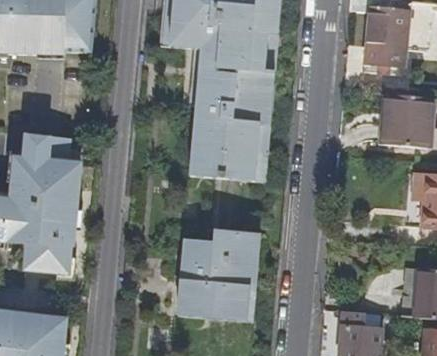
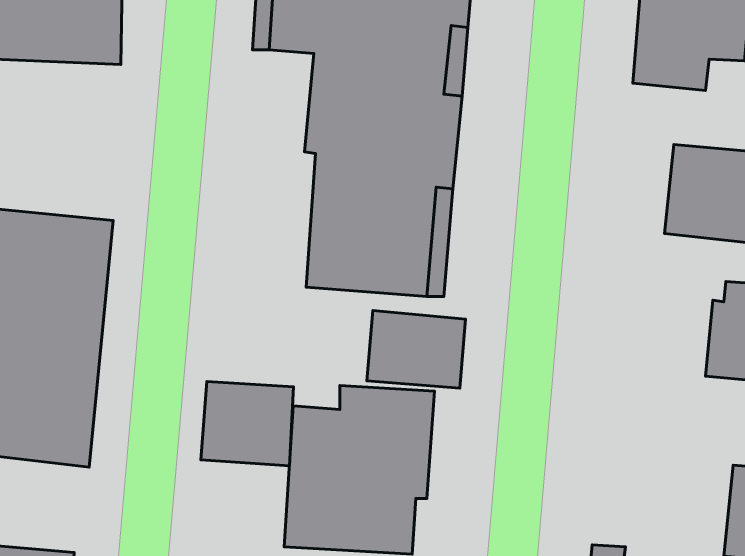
building: none -> [367,310,466,388]
building: none -> [201,381,294,466]

